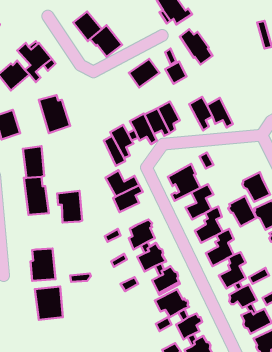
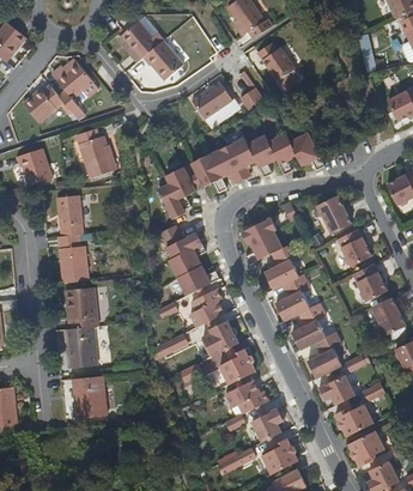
building: none -> [245,133,277,177]
building: [57,191,82,222] -> [62,286,95,327]
building: [228,196,256,227] -> [315,193,351,232]
building: none -> [177,267,220,296]

